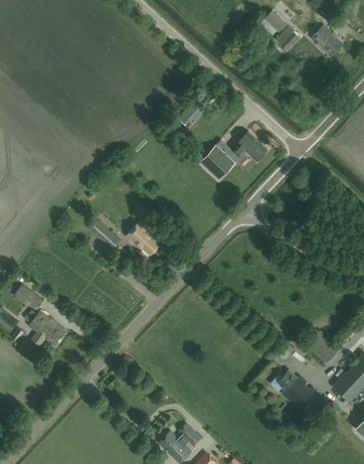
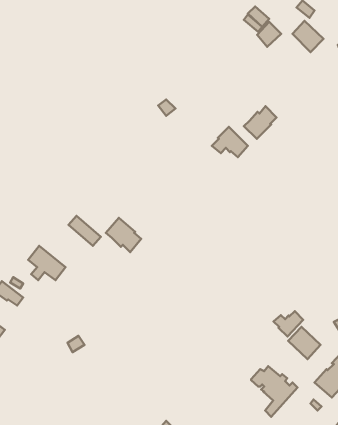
building: none -> [244,106,276,139]
building: [201,146,235,179] -> none
building: [29,312,66,346] -> [28,246,66,280]
building: none -> [273,311,303,336]

